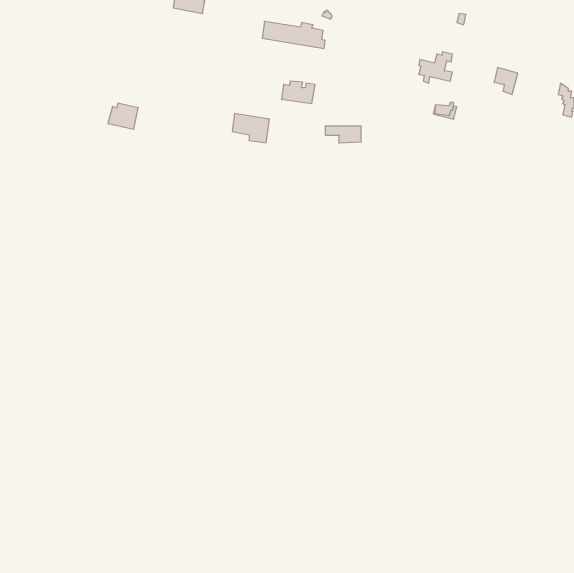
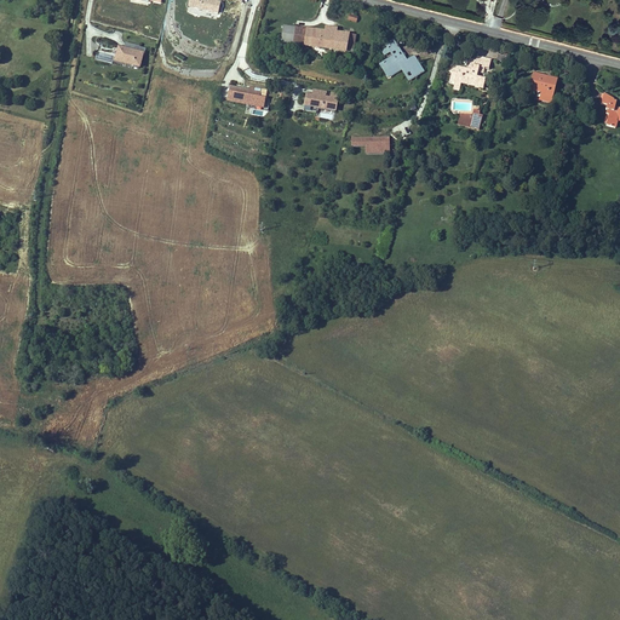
building: none -> [381,39,423,79]
building: [108,103,138,129] -> [113,41,145,69]
building: [232,113,269,143] -> [226,82,266,114]

